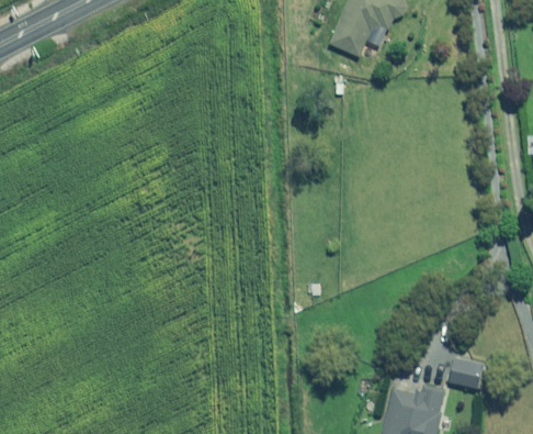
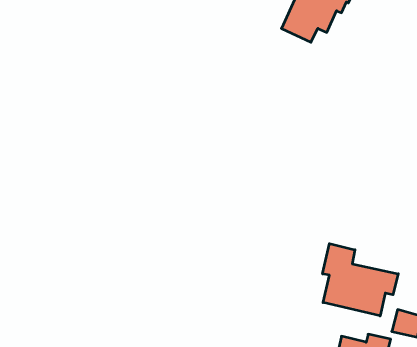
building: none -> [323,244,398,316]

